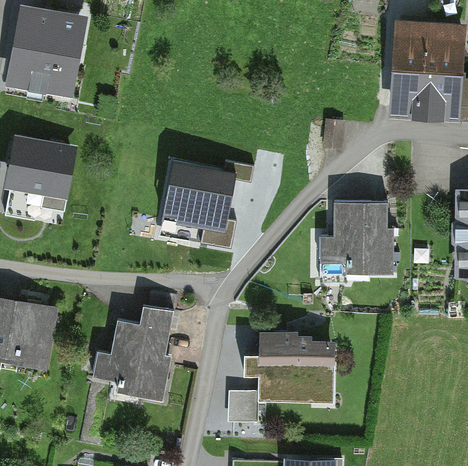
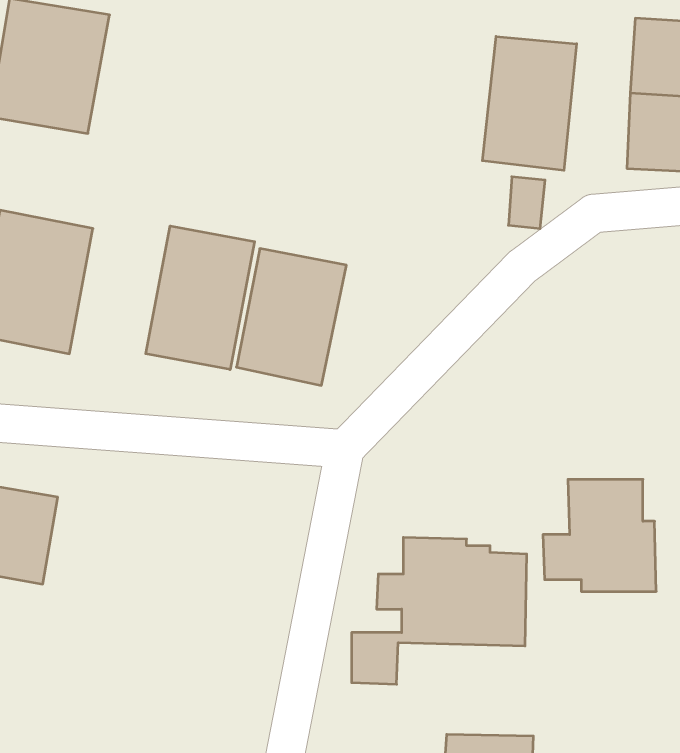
building: none -> [482,36,577,170]
building: none -> [146,226,255,370]
building: [322,202,390,269] -> [543,479,656,591]
building: [96,310,170,397] -> none

